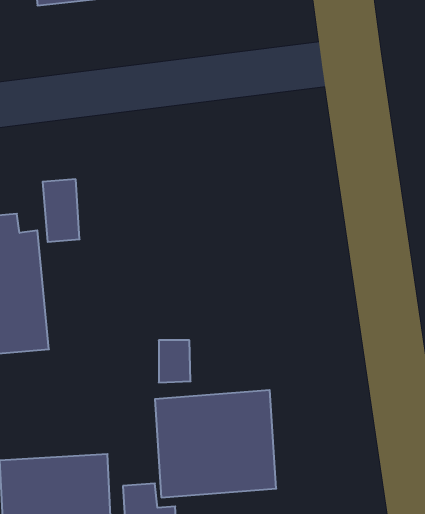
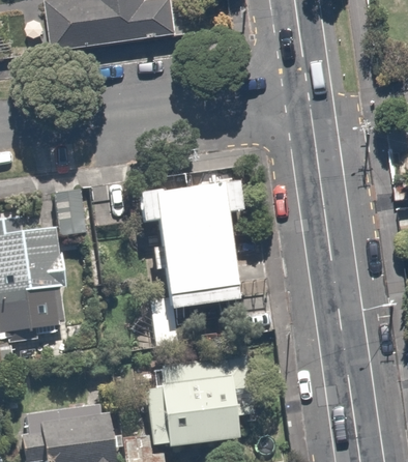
building: none -> [136,180,246,314]

